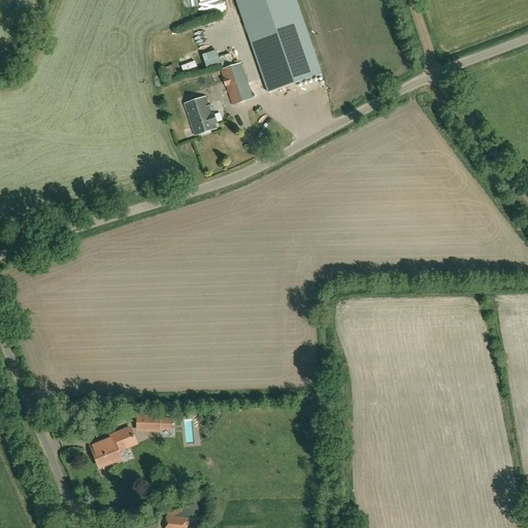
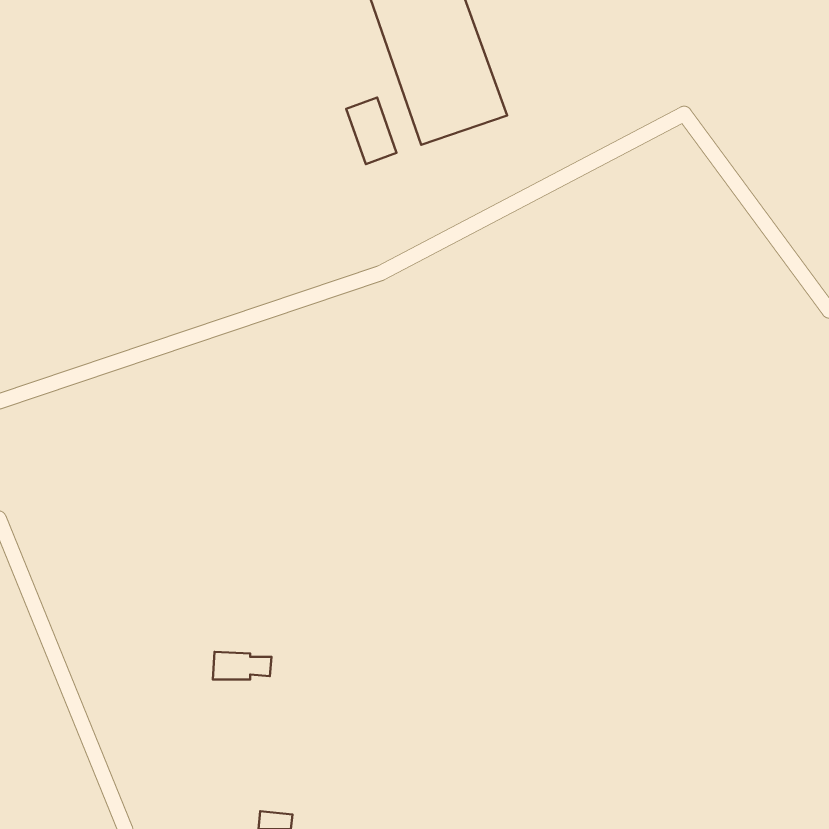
building: [184,96,217,134] -> none
building: [93,431,126,465] -> none

